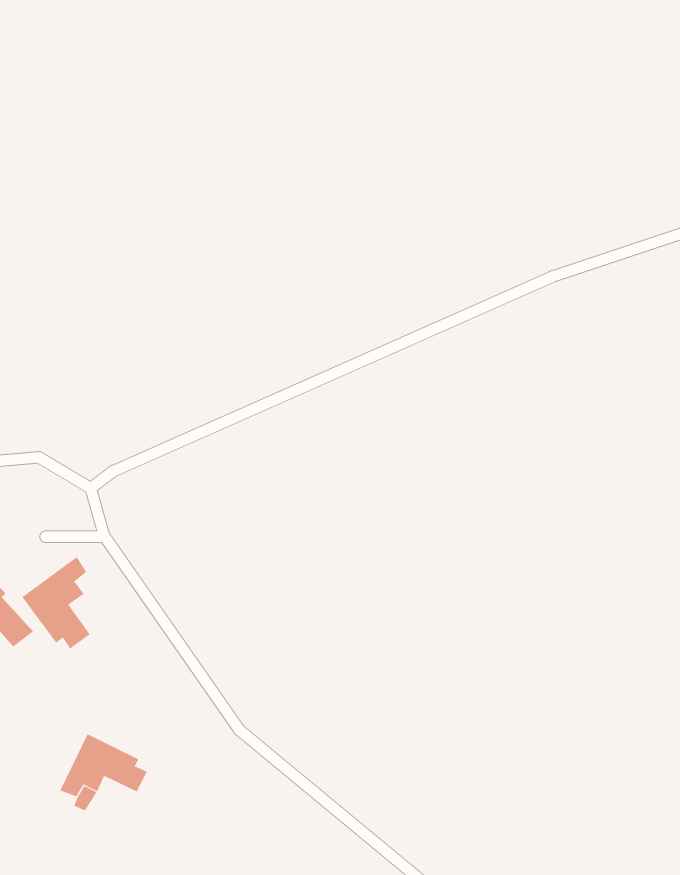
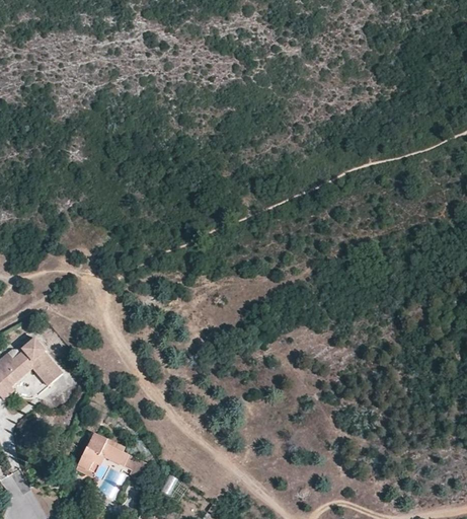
building: [21,556,90,649] -> none

